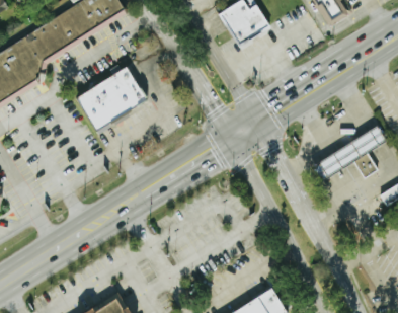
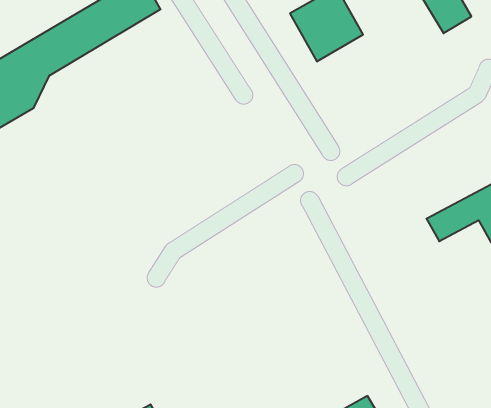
building: [76,66,148,129] -> none

